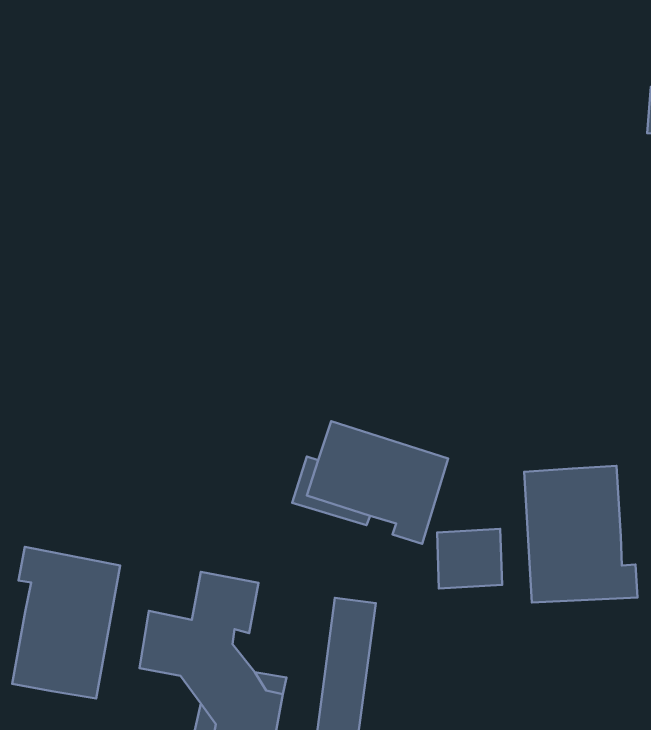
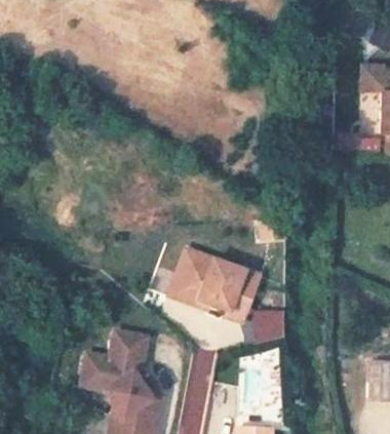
building: [524,466,637,603] -> none
building: [12,547,120,698] -> none

